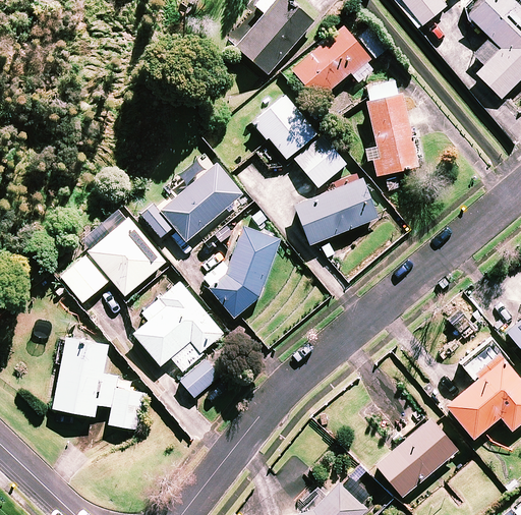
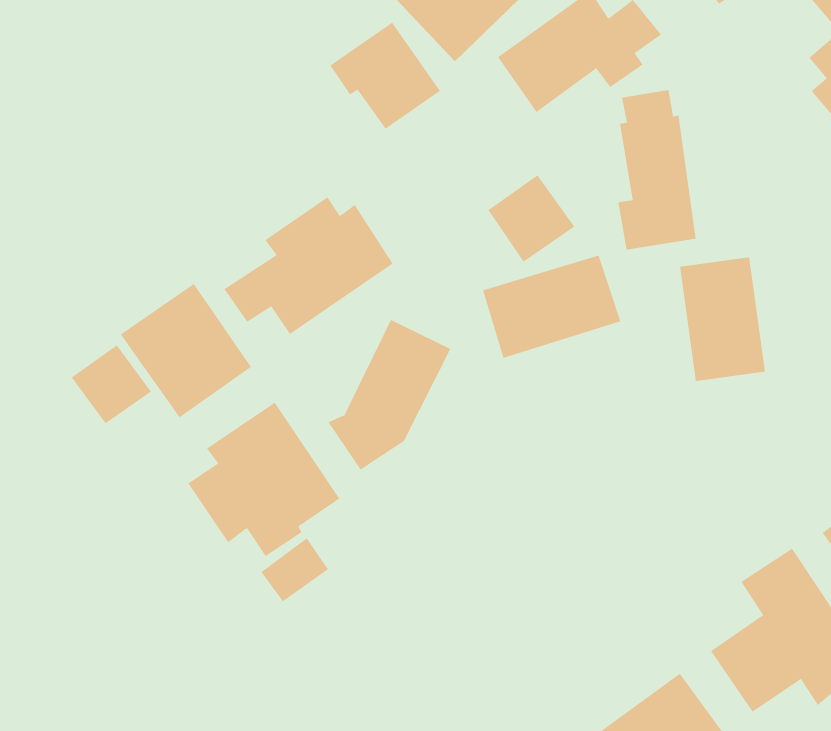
building: [250,96,316,159] -> [329,22,441,130]
building: none -> [679,256,766,382]
building: [53,336,144,430] -> none

